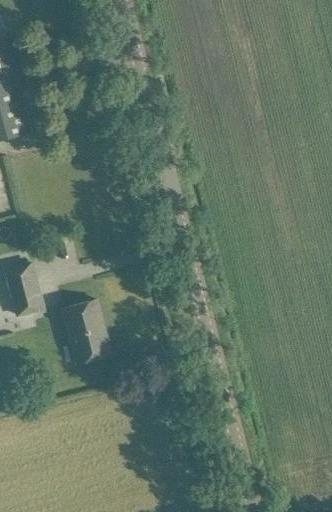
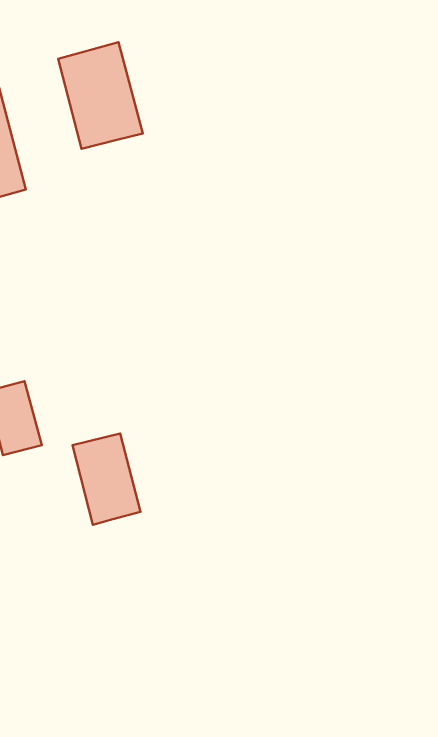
building: none -> [58,42,143,149]

